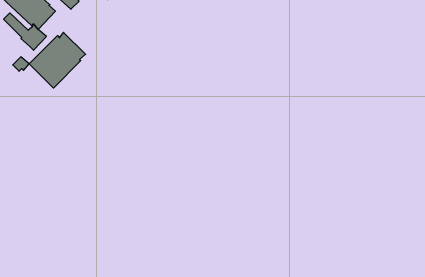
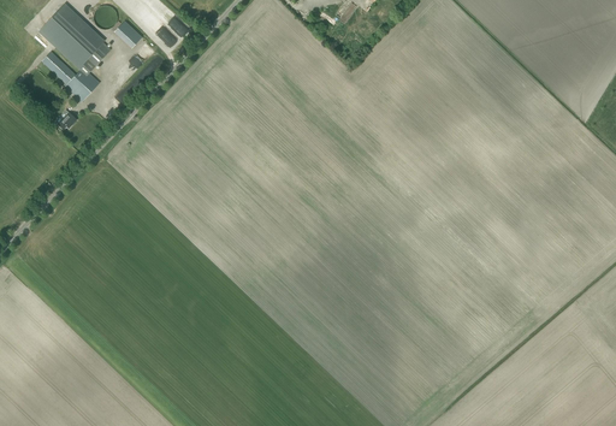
building: [29,32,86,88] -> none

